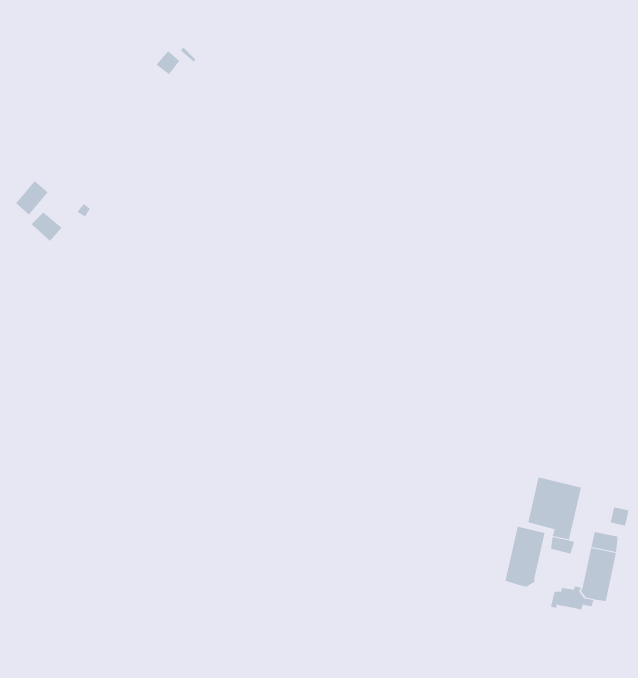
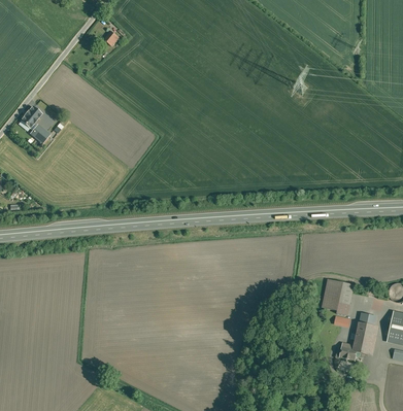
building: [505,526,545,587] -> none

